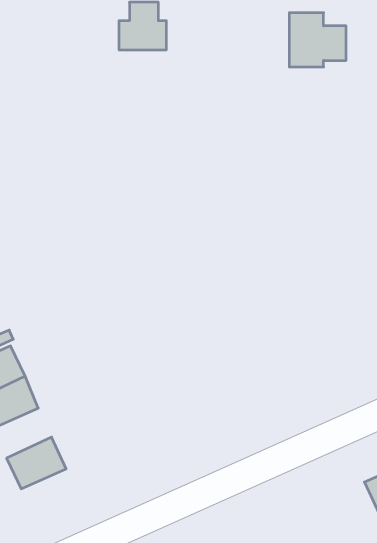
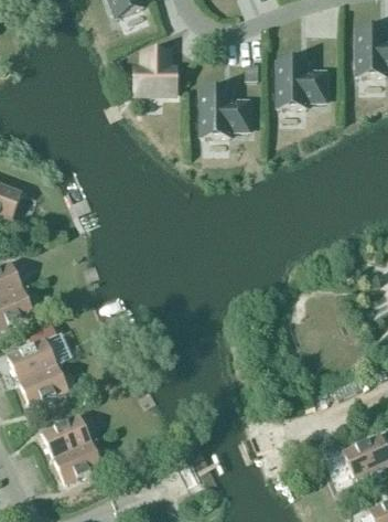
building: none -> [201,88,249,135]
building: none -> [54,440,103,482]

